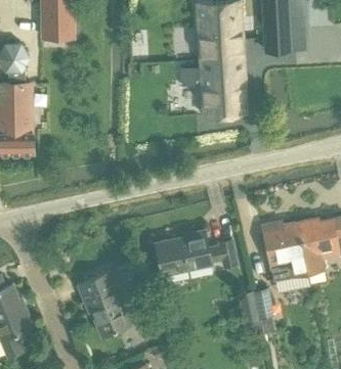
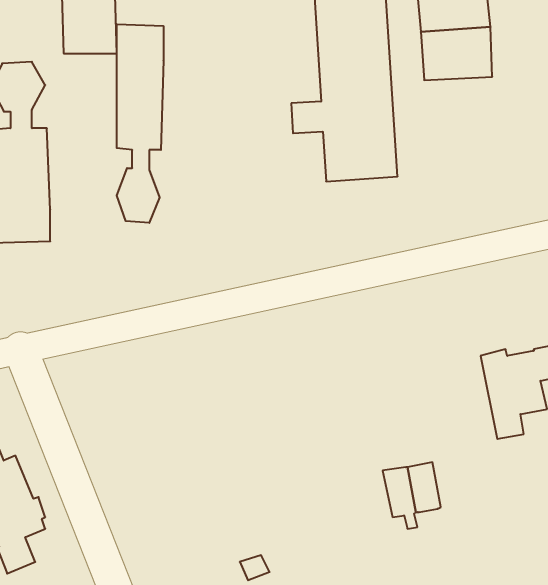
building: none -> [117,24,163,223]
building: [262,222,308,281] -> none
building: [157,231,236,274] -> none
building: [77,271,131,336] -> none

